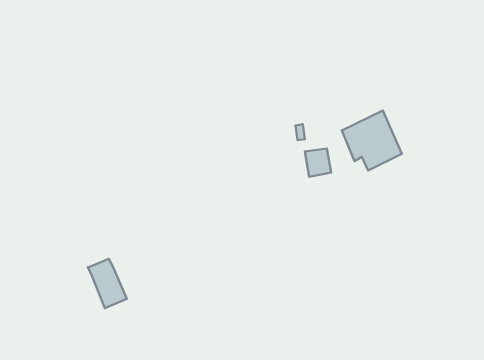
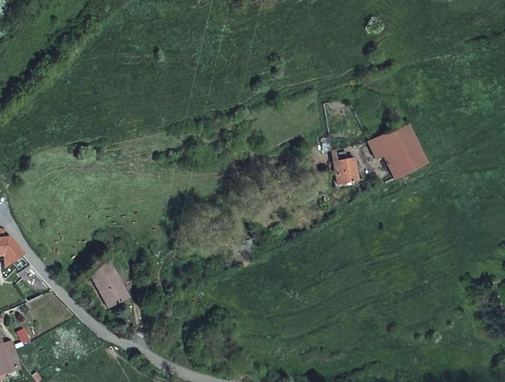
building: [88,259,127,308] -> [91,260,128,307]

